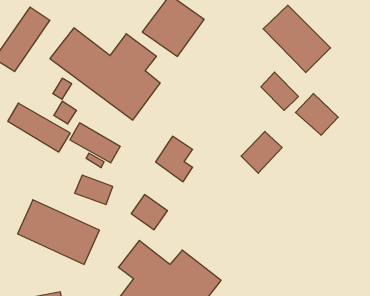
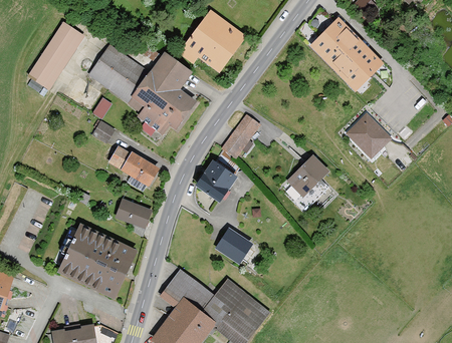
building: [261,72,298,110] -> none
building: none -> [220,115,260,159]
building: [8,103,70,152] -> none
building: [131,195,167,230] -> [214,228,252,265]

